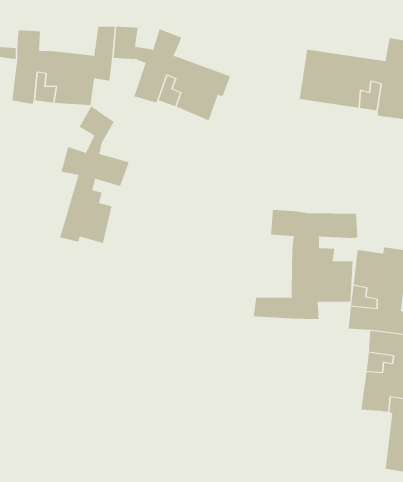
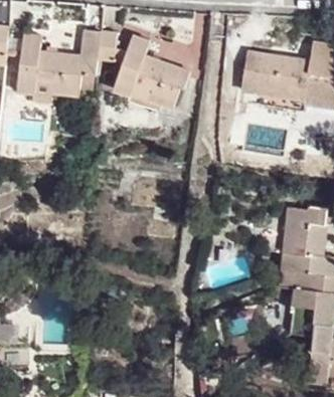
building: [60,106,129,244] -> none
building: [253,209,358,320] -> none

